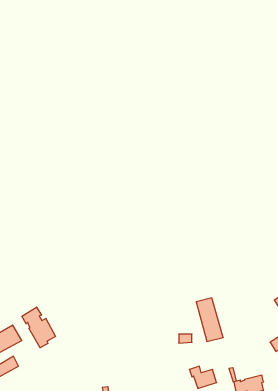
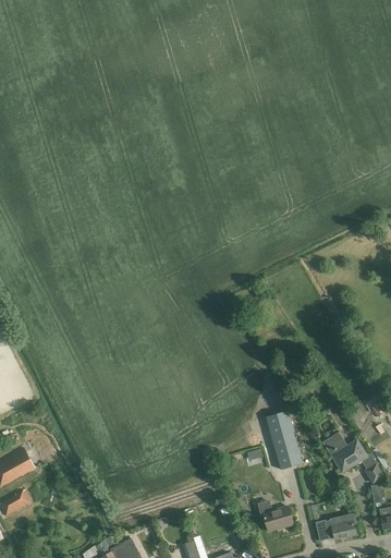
building: [22,307,56,348] -> none
building: none -> [323,434,367,473]

